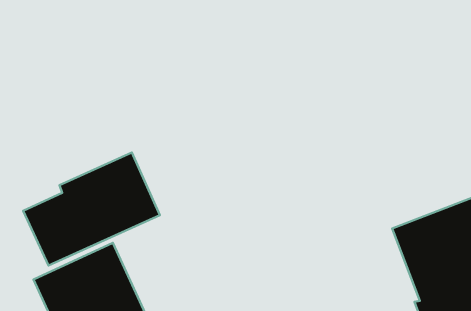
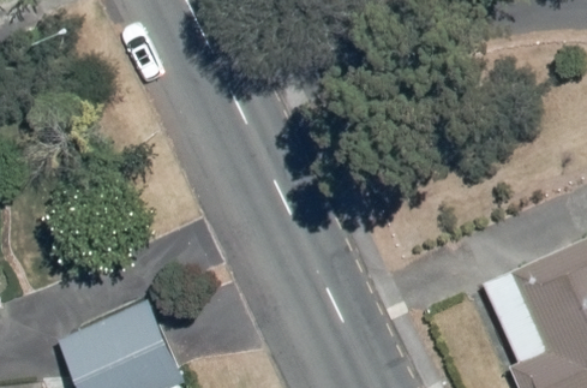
building: [23,152,160,266] -> none

